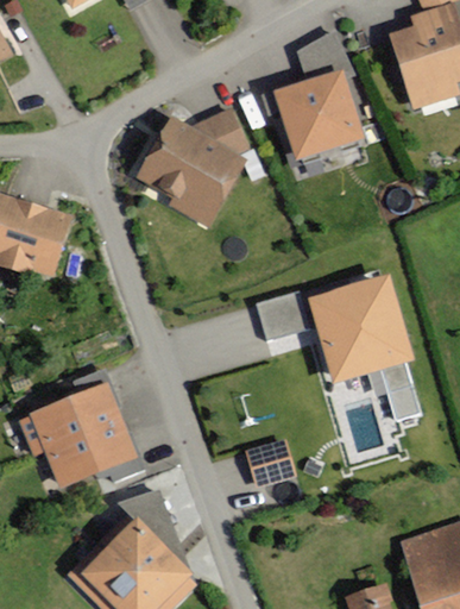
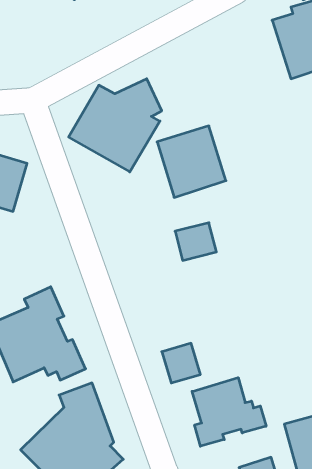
building: [266,71,353,162] -> [157,126,226,197]
building: [311,272,423,419] -> none
building: none -> [192,378,266,446]

